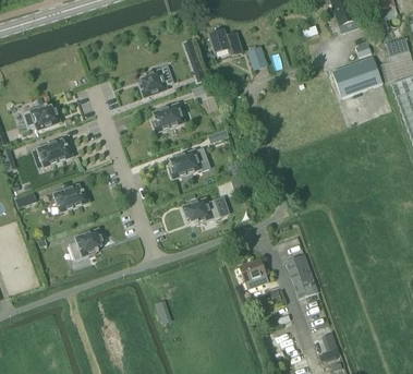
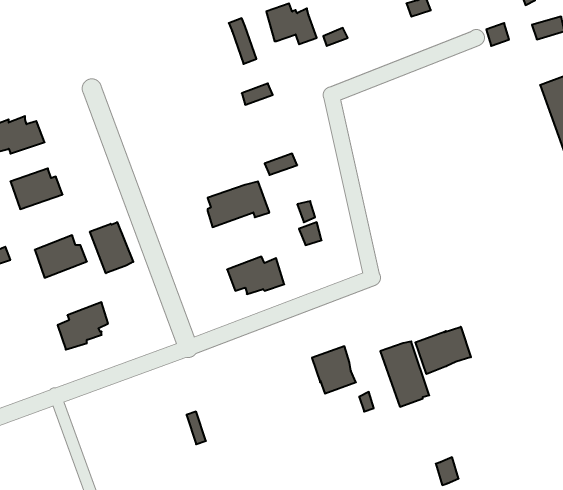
building: [331,56,381,97] -> none
building: [138,65,173,97] -> none
building: [151,102,184,132] -> none
building: none -> [90,222,133,273]
building: none -> [415,327,471,374]

